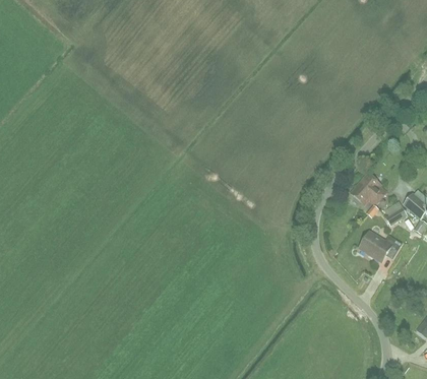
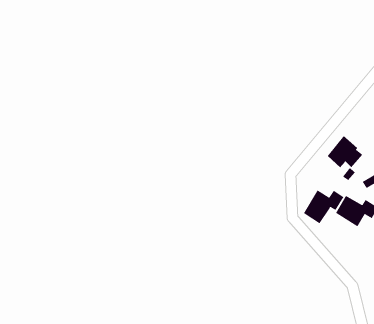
building: none -> [303,189,344,224]

